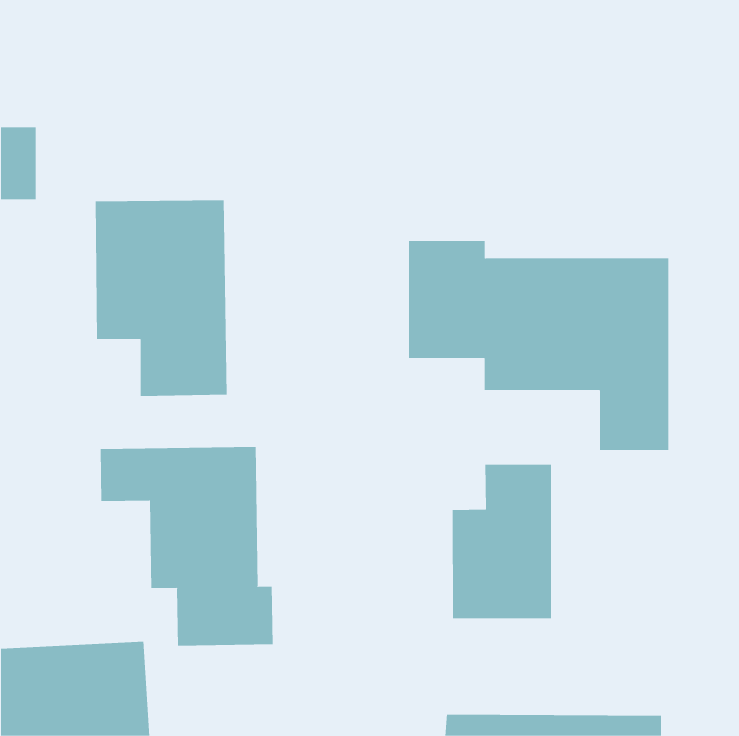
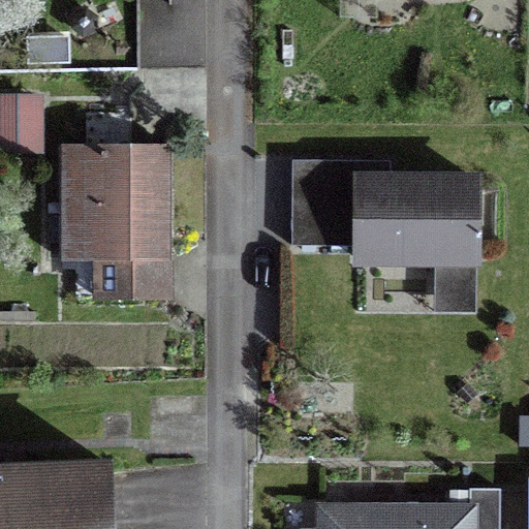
building: [100,446,273,646] -> none
building: [452,464,551,619] -> none

